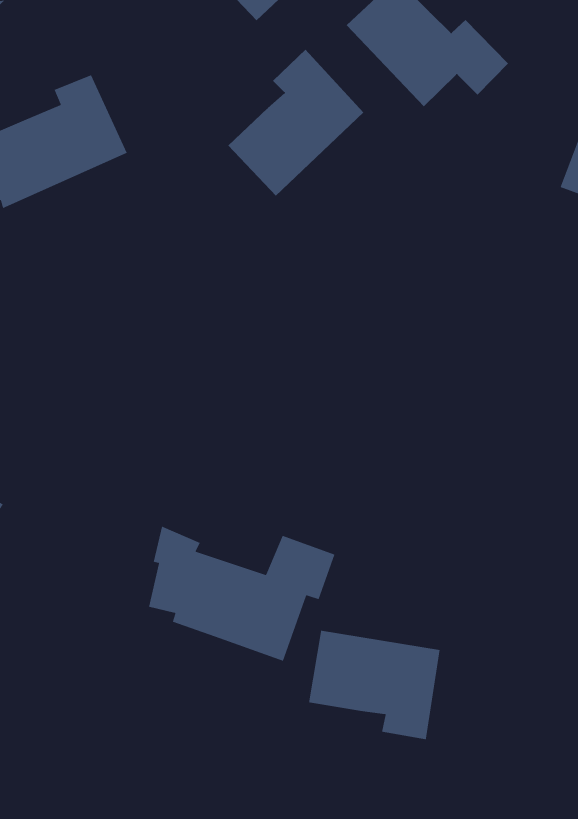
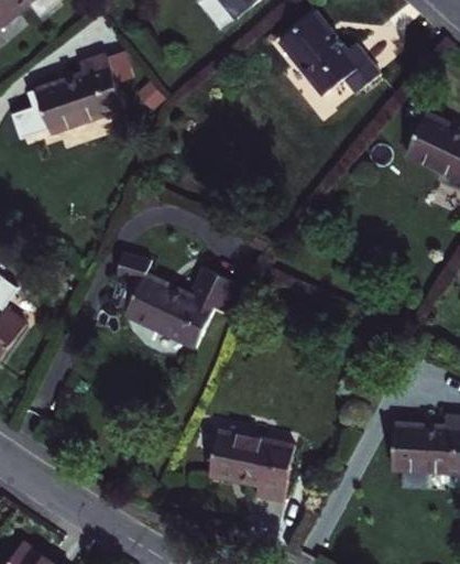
building: [228,49,364,196] -> none
building: [148,525,336,662] -> [113,249,237,344]

